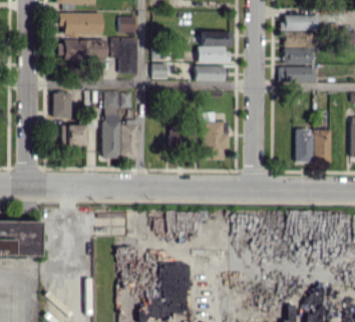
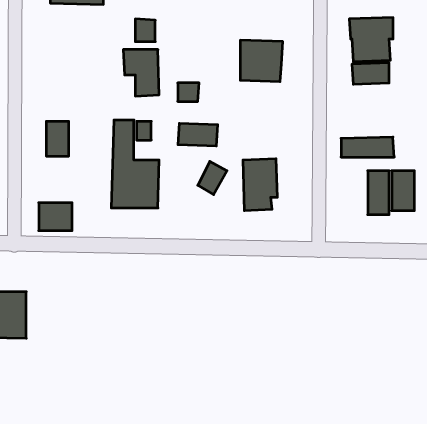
building: [58,12,102,36] -> none
building: [57,39,107,60] -> none
building: [195,64,225,81] -> [178,123,218,146]
building: [280,66,320,81] -> [341,137,394,157]
building: [61,124,86,145] -> [39,203,72,231]

